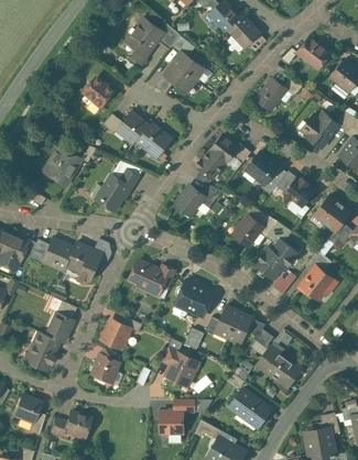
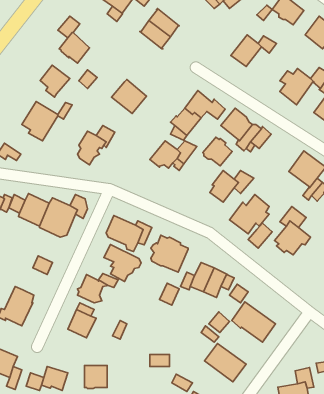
building: [119,112,149,144] -> [40,65,70,97]
building: [284,177,314,206] -> [203,137,232,166]
building: [46,313,72,342] -> none
building: [162,348,199,385] -> [104,244,141,282]
building: [160,412,183,435] -> [84,366,107,389]

